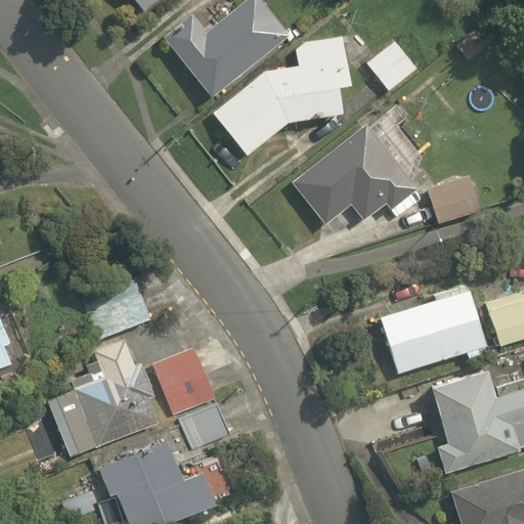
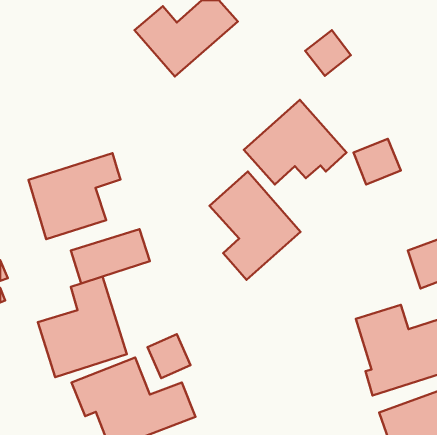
building: [212,38,351,155] -> none
building: none -> [29,153,120,239]
building: none -> [209,172,301,280]
building: [379,285,489,374] -> none
building: [154,347,218,417] -> none

